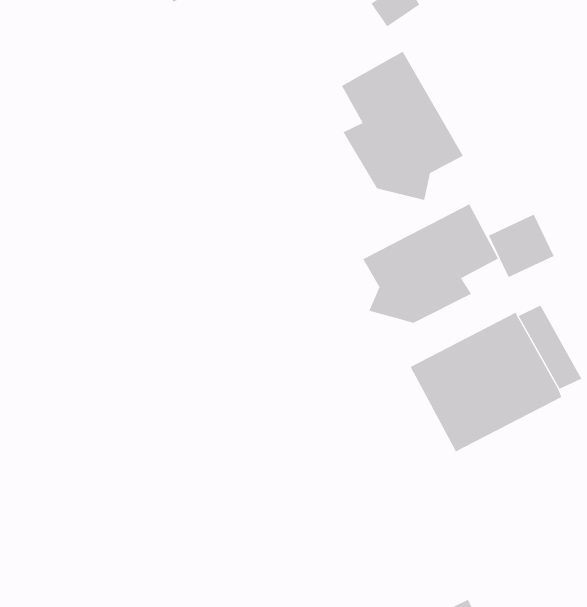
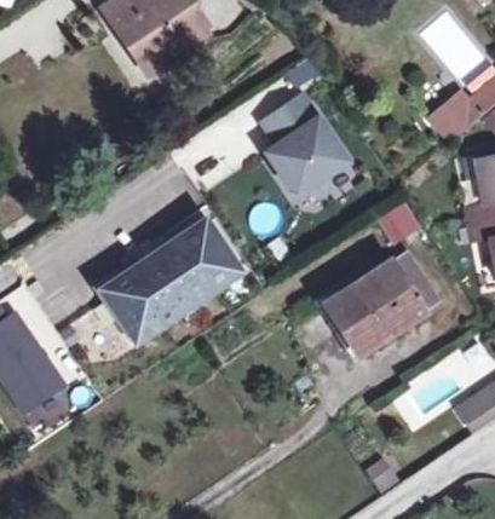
building: [363,204,499,324] -> none
building: none -> [107,221,240,340]

